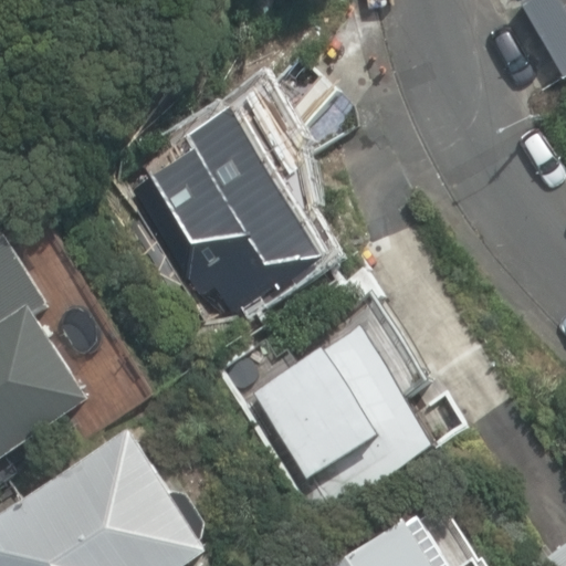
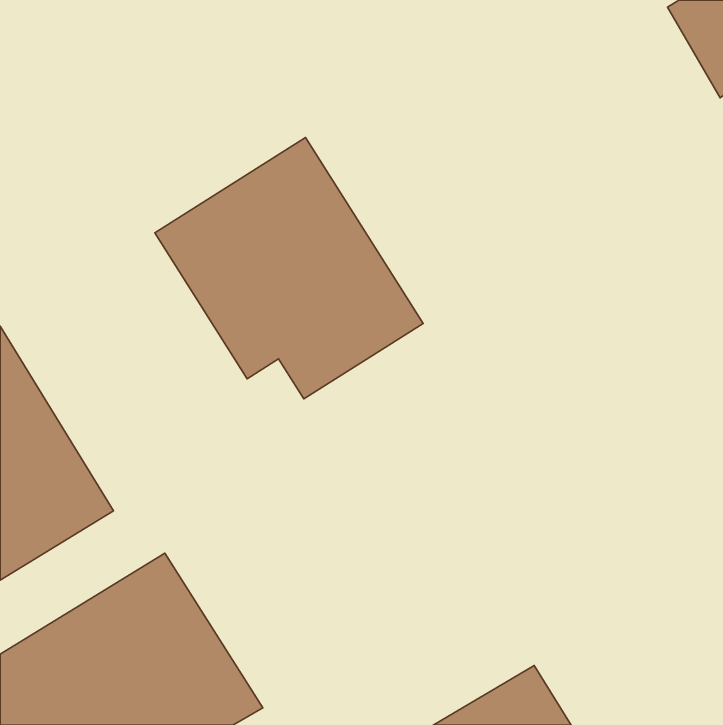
building: [244,325,432,515] -> none

